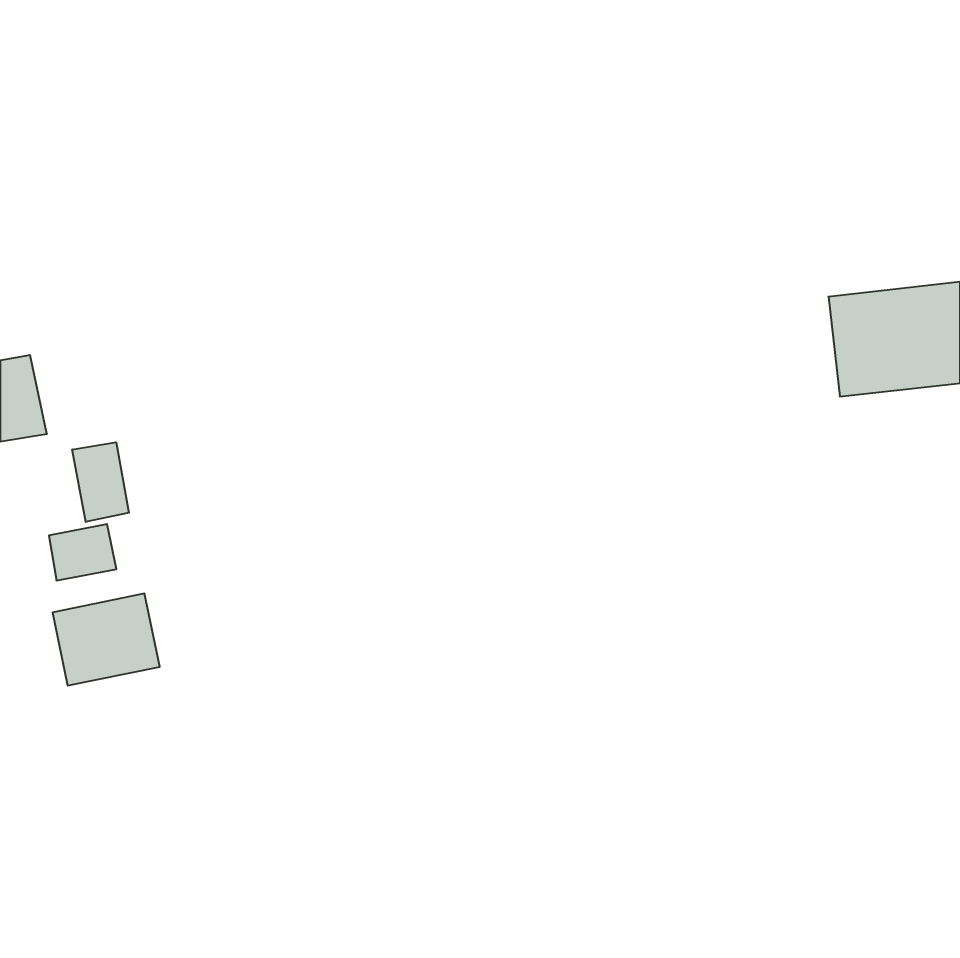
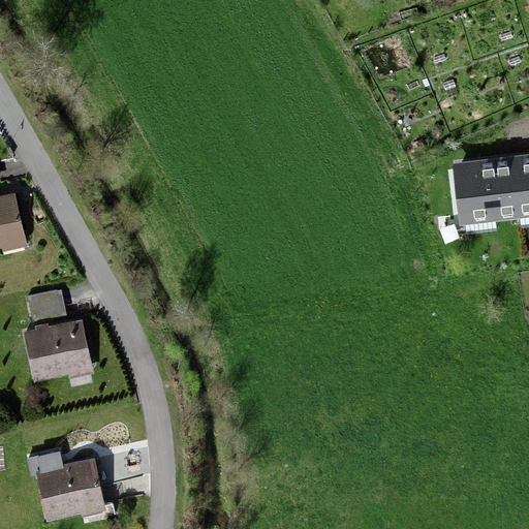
building: [72,442,129,522] -> none
building: none -> [42,462,99,514]

